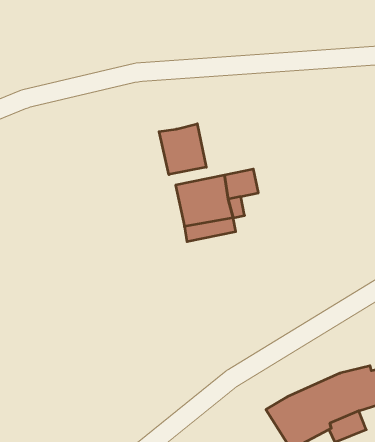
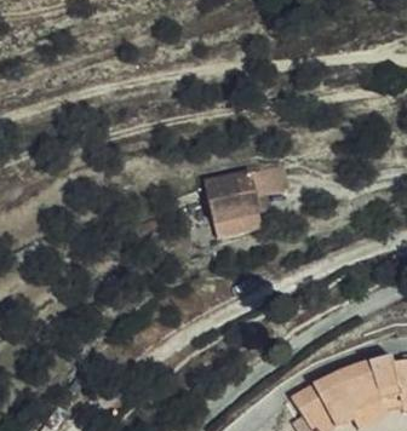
building: [159,124,206,175] -> none

